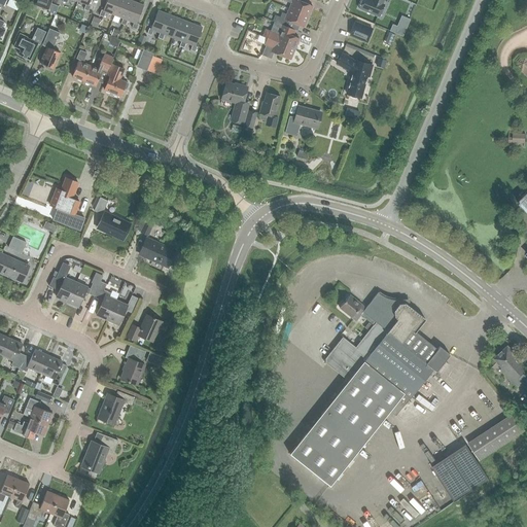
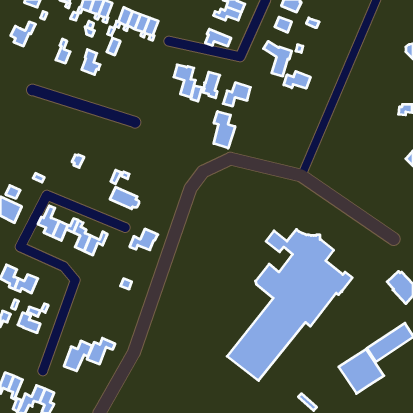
building: [267,21,298,48] -> none
building: [39,28,60,69] -> none
building: [83,51,112,85] -> none
building: none -> [284,71,310,88]
building: none -> [214,111,235,148]
building: [49,177,83,230] -> none
building: [98,212,131,240] -> none
building: [127,314,163,341] -> [130,229,158,250]
building: [120,345,145,384] -> none
building: [40,354,63,384] -> none
building: [98,389,134,422] -> [87,338,115,364]
building: [12,416,47,437] -> none

